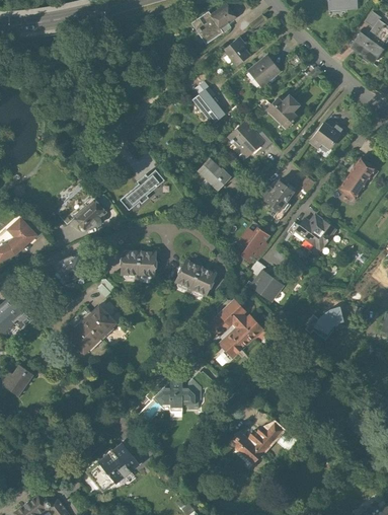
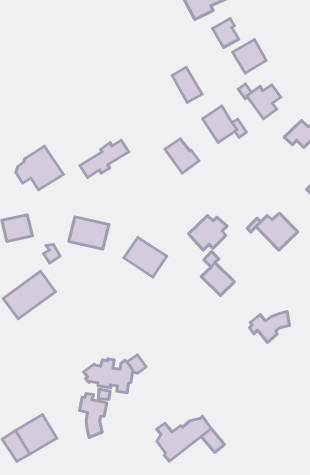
building: [264,181,295,212] -> none
building: [220,300,261,356] -> none
building: none -> [80,394,107,438]

